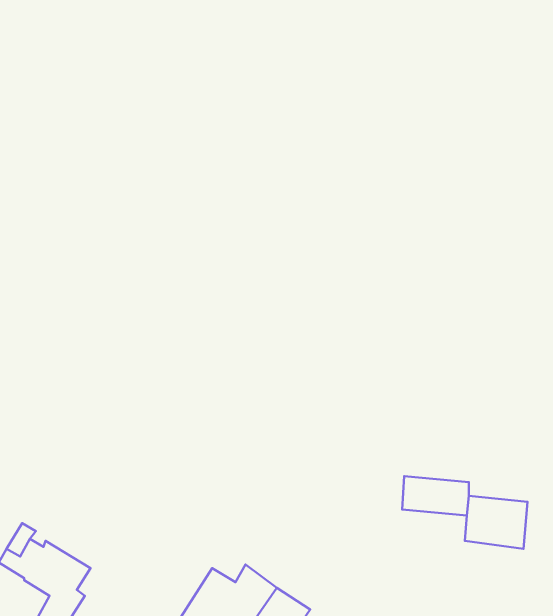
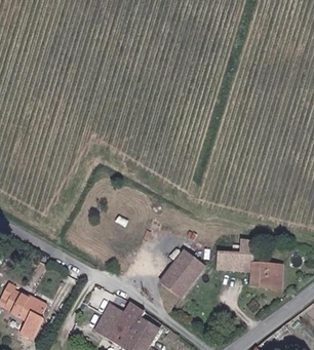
building: none -> [155,250,200,299]

